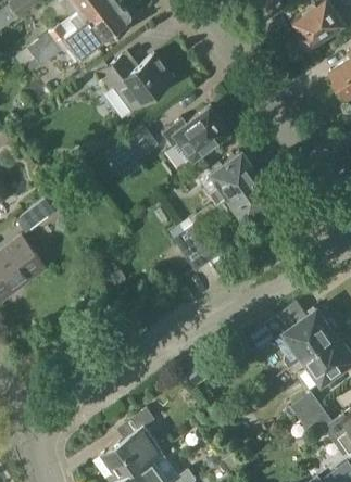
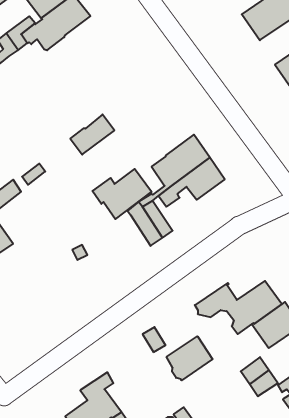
building: [96,55,171,107] -> none
building: [160,109,224,163] -> [92,169,152,219]
building: none -> [167,336,213,380]

